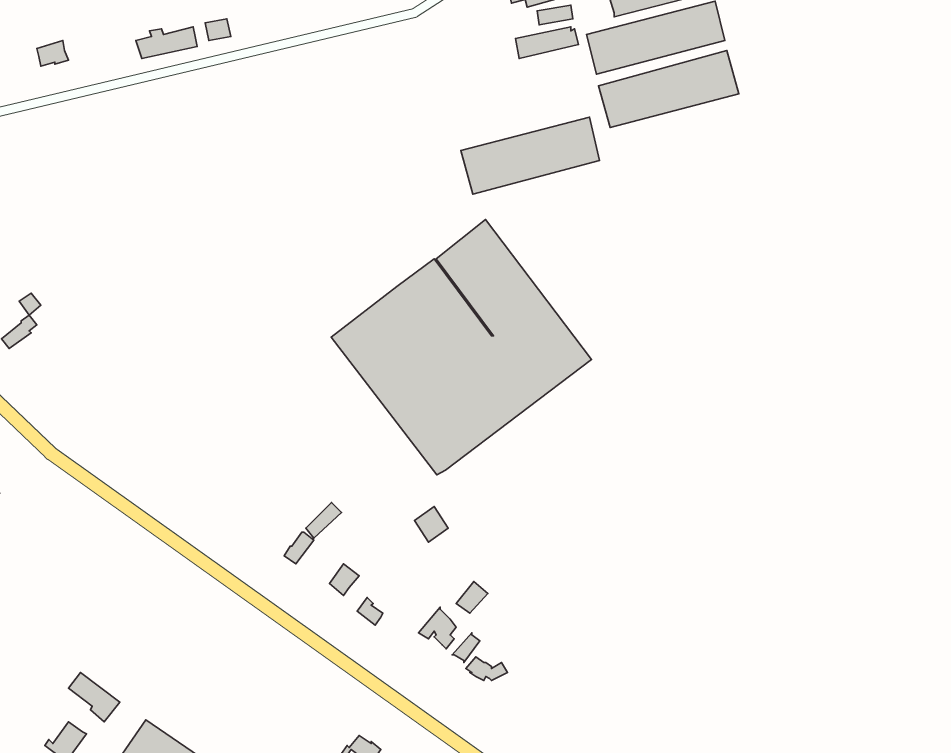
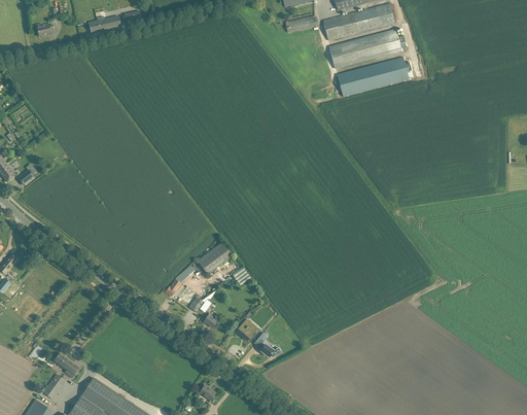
building: [461,117,599,194] -> [336,57,408,97]
building: [331,219,591,475] -> none
building: none -> [197,241,233,274]

